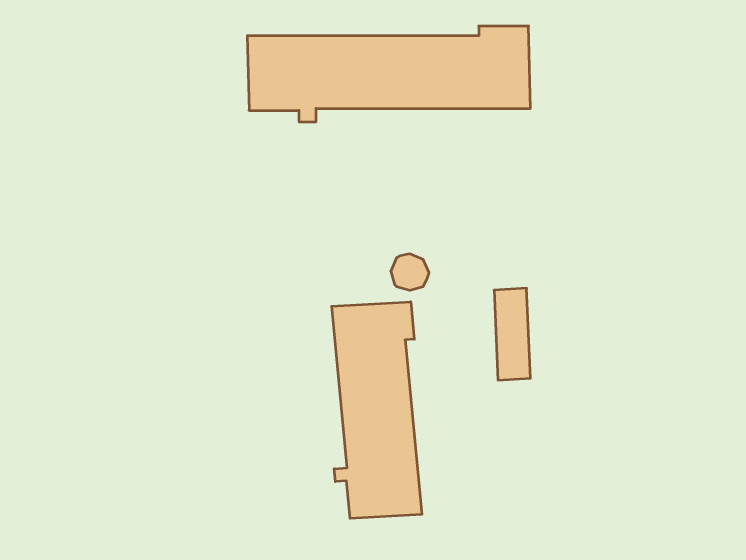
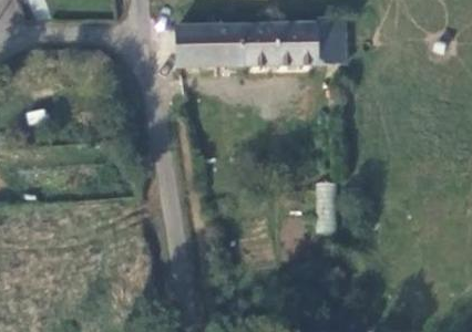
building: [332,302,422,518] -> none

